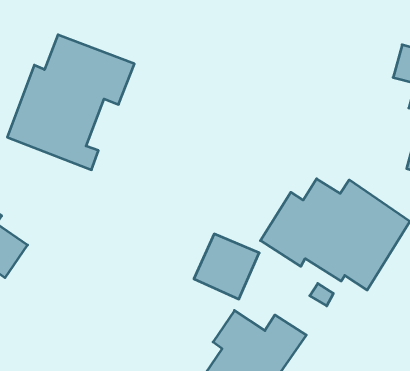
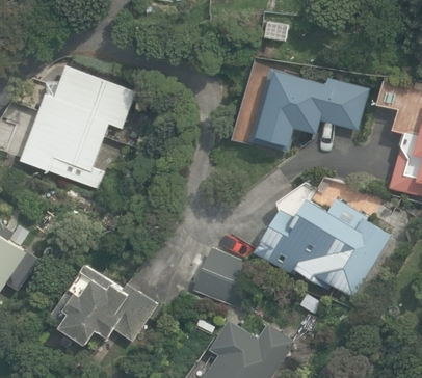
building: none -> [249,63,368,149]
building: none -> [47,263,157,345]

